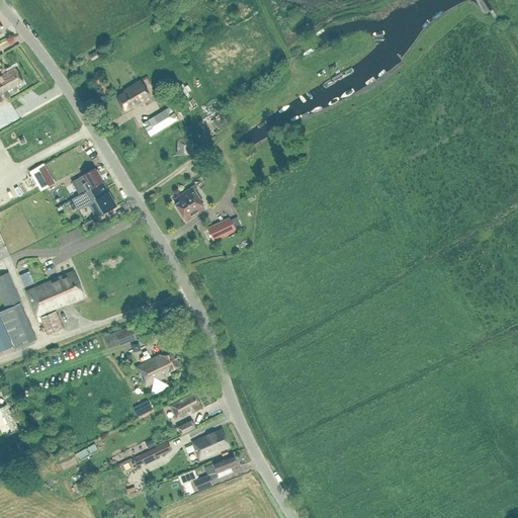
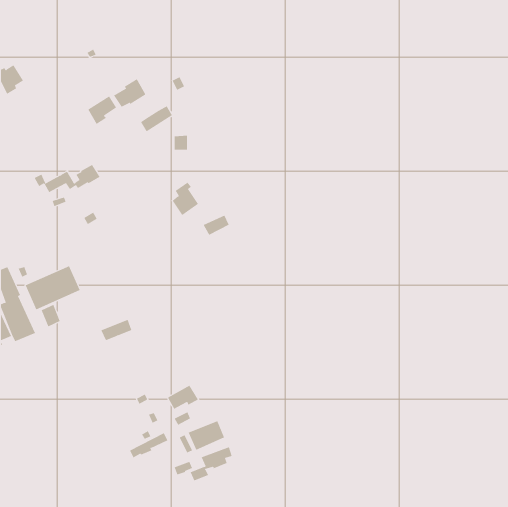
building: none -> [87,96,117,125]
building: [73,180,116,213] -> none
building: [136,348,180,385] -> none

